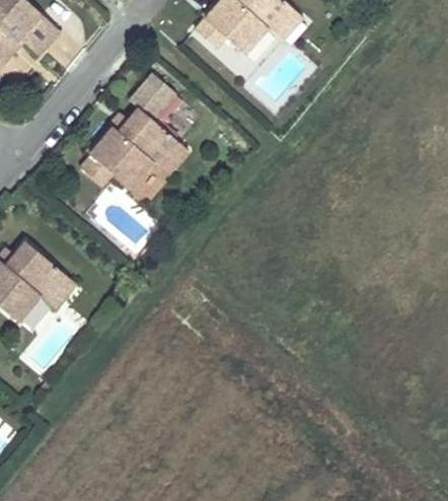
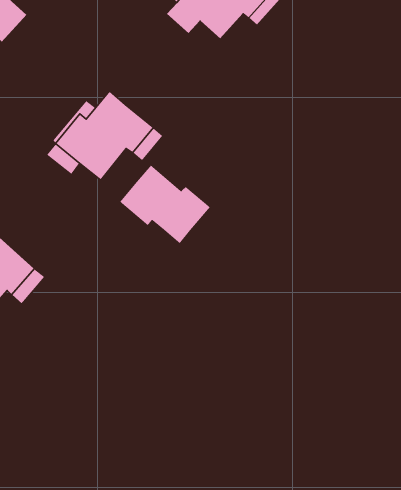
building: [132,74,175,119] -> none
building: none -> [119,165,211,244]

